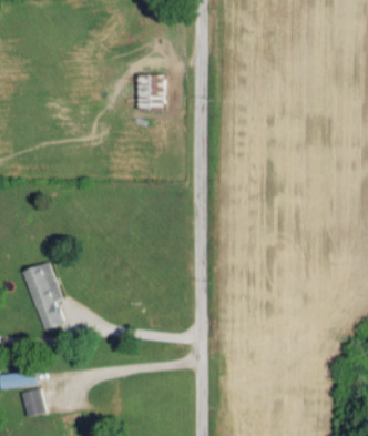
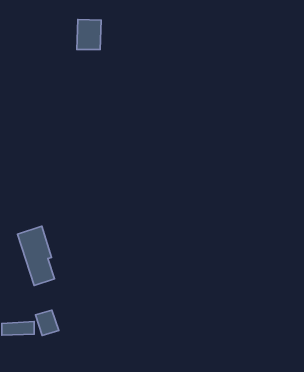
building: [139,73,166,108] -> [77,19,101,50]
building: [19,388,45,417] -> [35,310,59,335]

